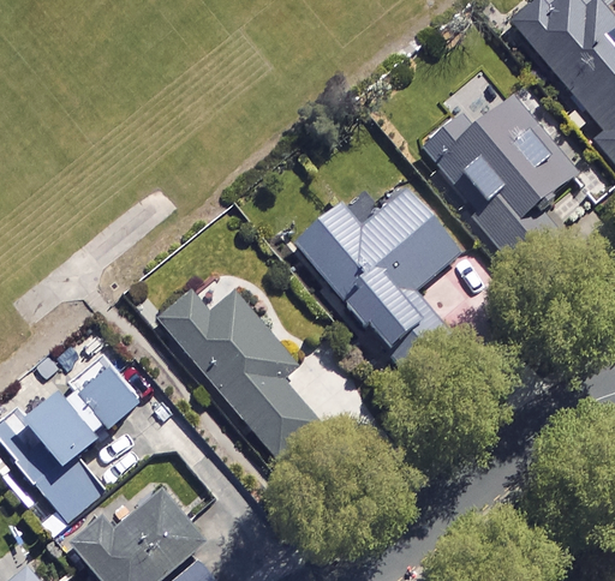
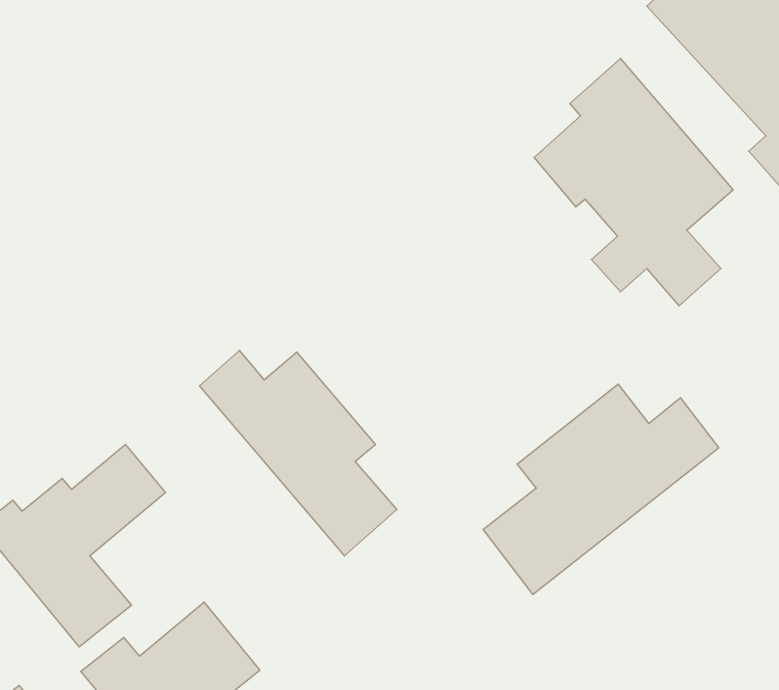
building: [297,194,456,347] -> none
building: none -> [483,384,719,594]

